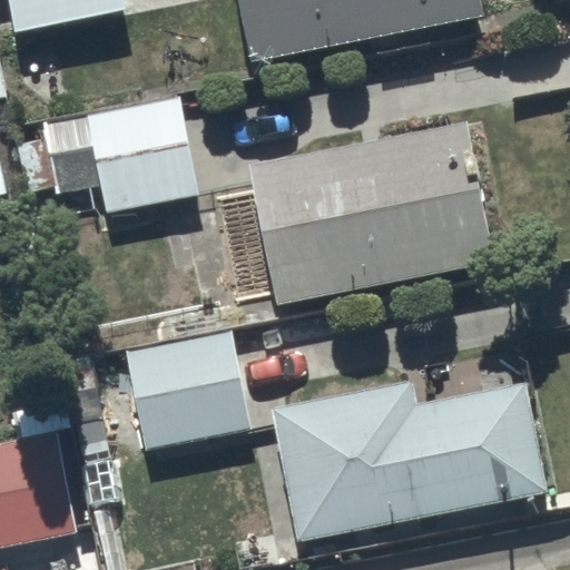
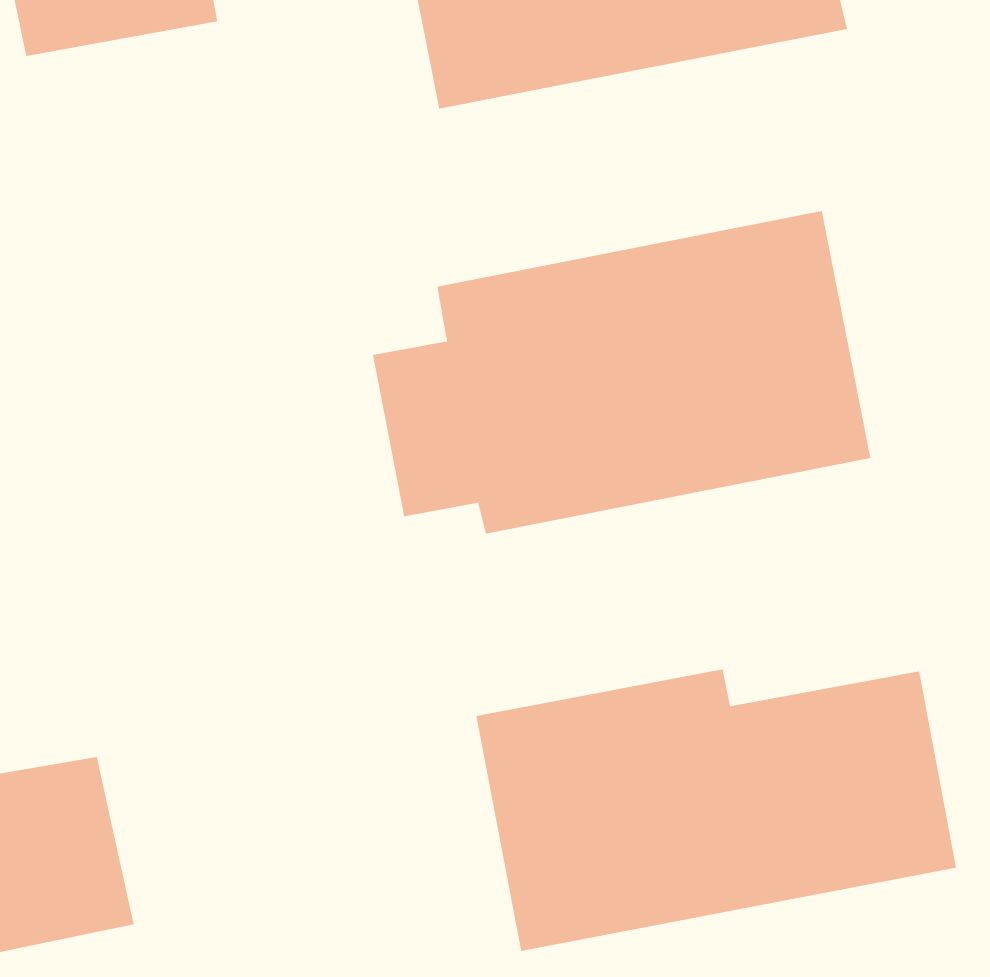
building: [20,94,199,216] -> none
building: [126,330,253,448] -> none

